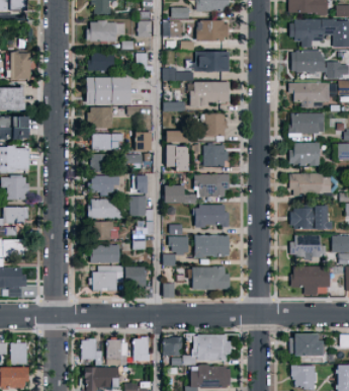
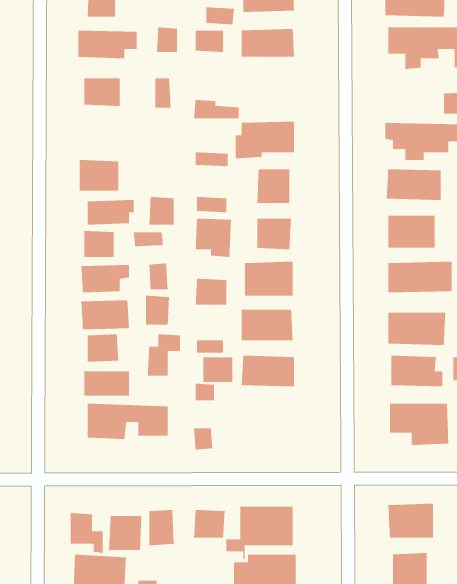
building: [195,50,230,71] -> none
building: [290,51,325,72] -> none
building: [84,76,129,104] -> none
building: [191,266,229,289] -> none

